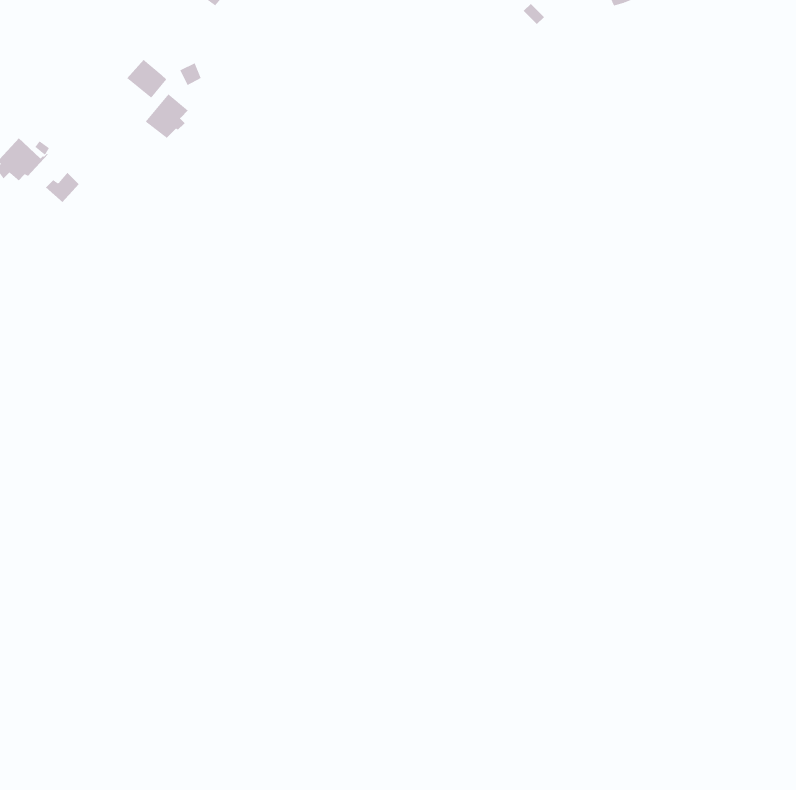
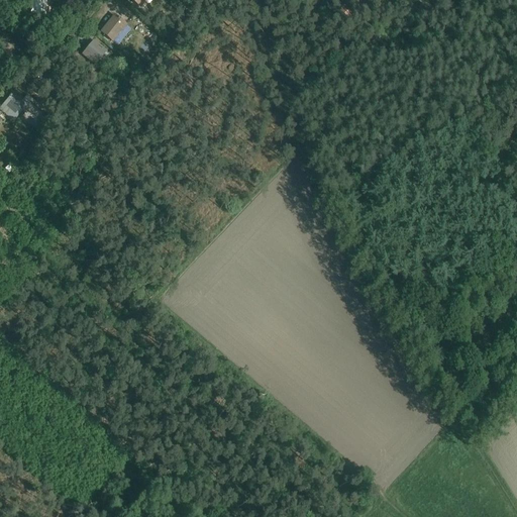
building: [145,93,189,139] -> [98,10,126,39]

